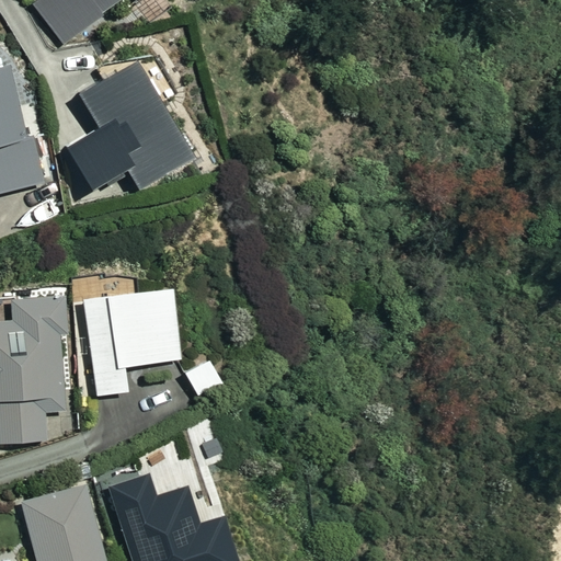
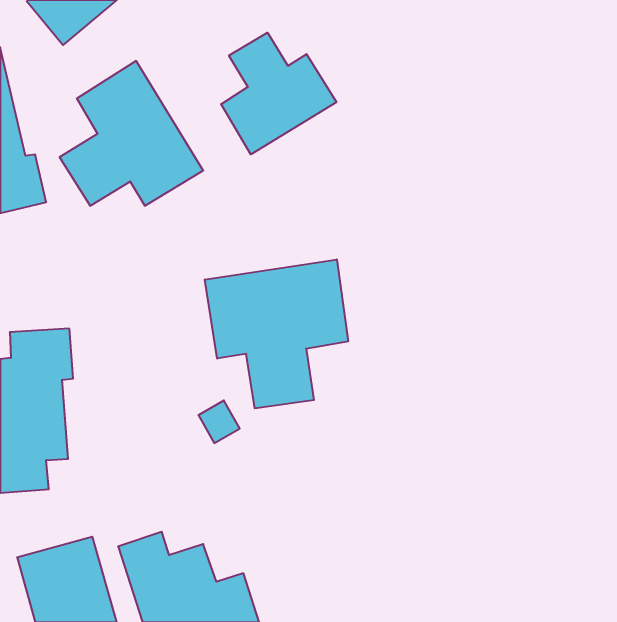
building: none -> [221,33,336,154]
building: none -> [205,259,348,408]
building: [83,289,179,398] -> none

